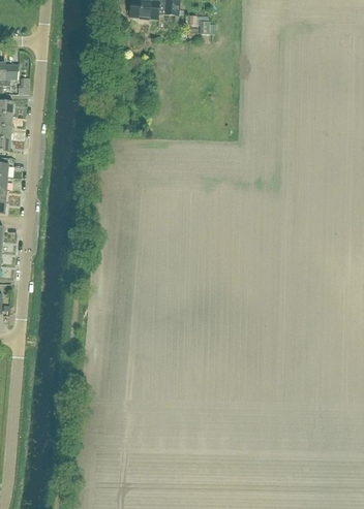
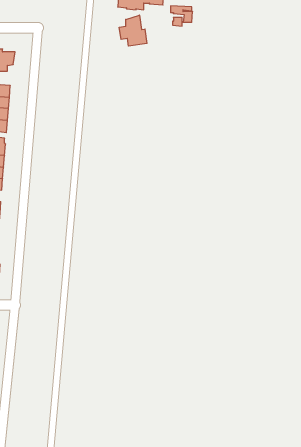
building: none -> [119,15,147,46]

